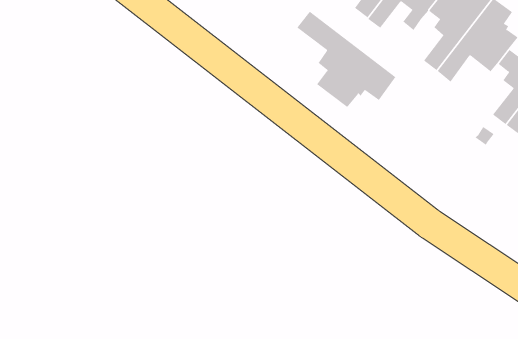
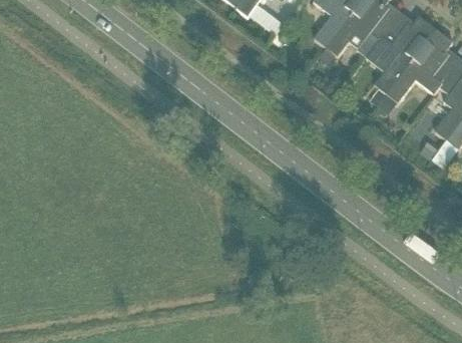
building: [297,11,396,108] -> none

